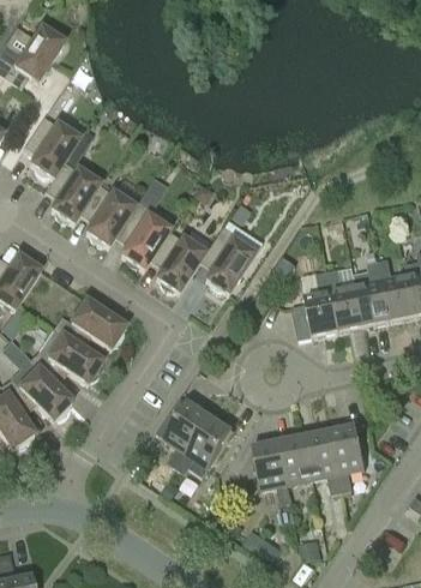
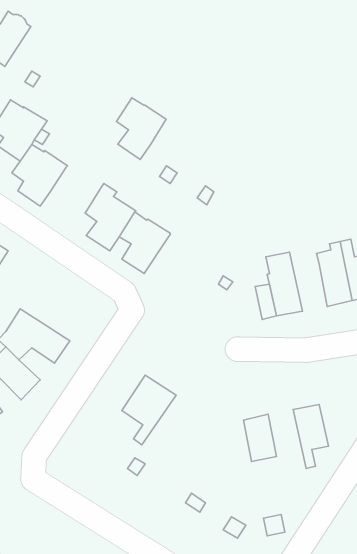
building: [84,184,134,246] -> [117,98,166,159]
building: [203,224,254,293] -> none
building: [326,268,365,330] -> none
building: [53,299,126,348] -> none
building: [176,415,234,474] -> none
building: [305,430,343,492] -> none
building: [253,440,291,502] -> none

